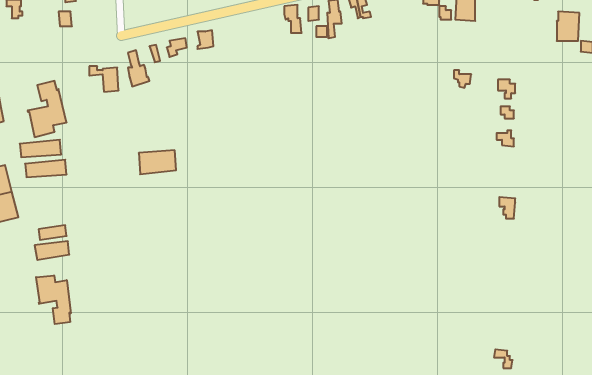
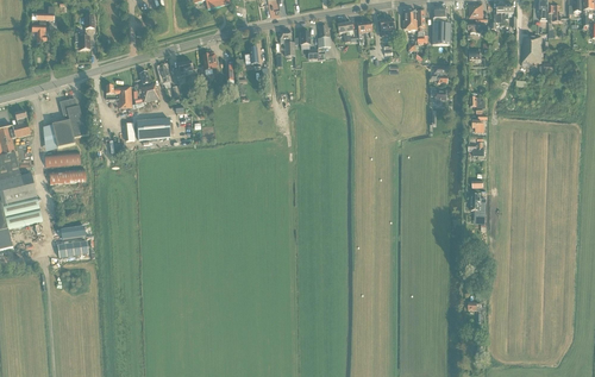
building: [139,150,176,174] -> [136,117,169,138]
building: [36,275,71,324] -> none

